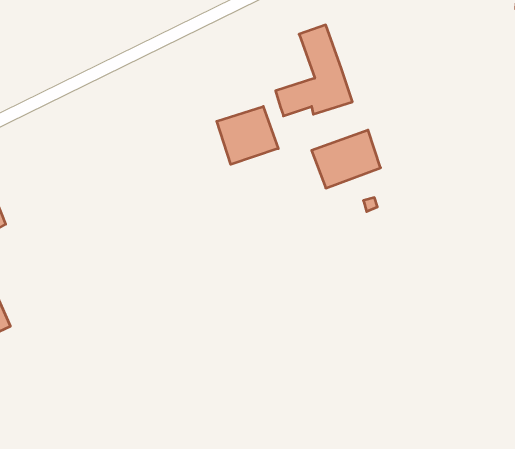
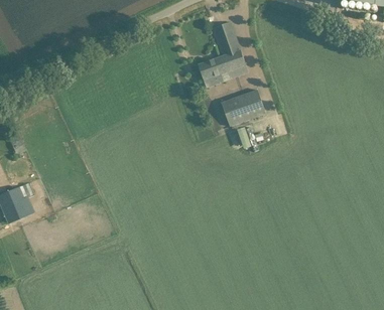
building: [217,106,278,164] -> none

